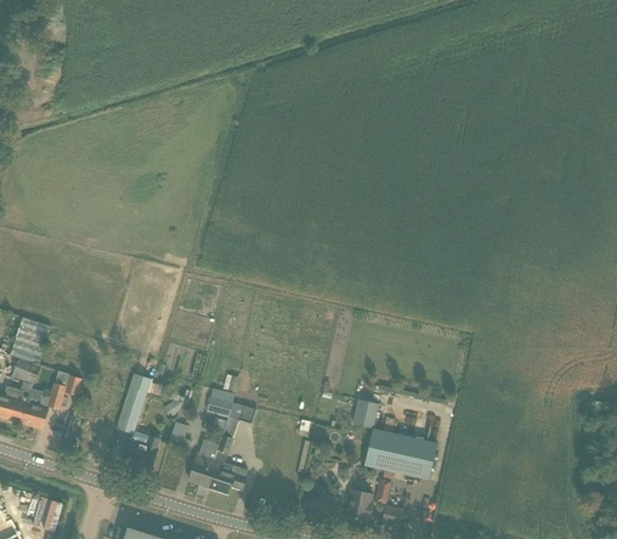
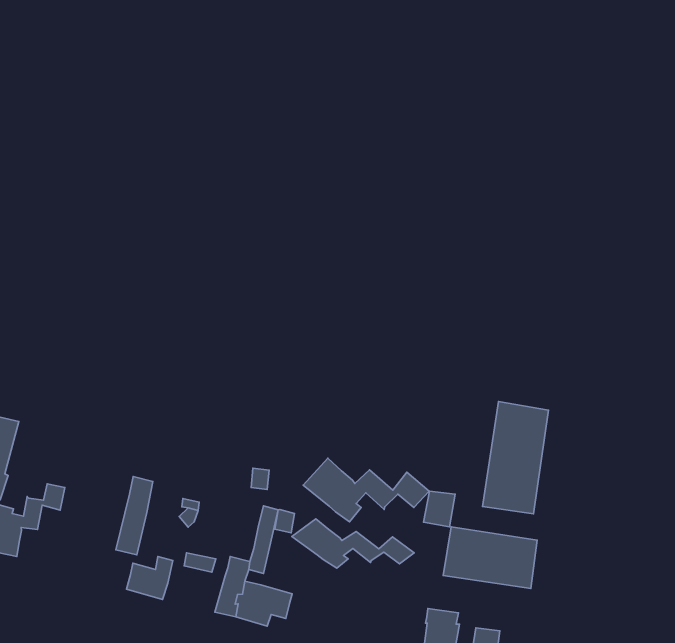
building: none -> [483,401,549,514]
building: none -> [303,458,429,522]
building: [208,388,234,418] -> none
building: none -> [292,519,414,568]

